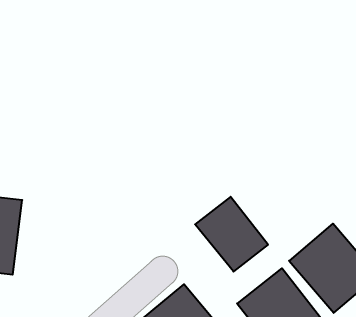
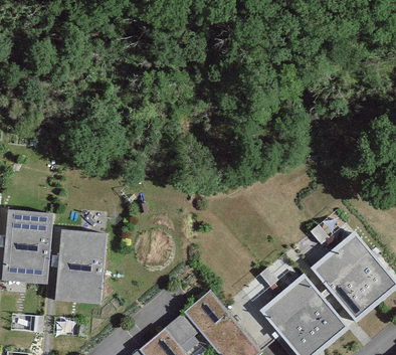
building: [195,197,268,272] -> none
building: none -> [55,234,110,310]

